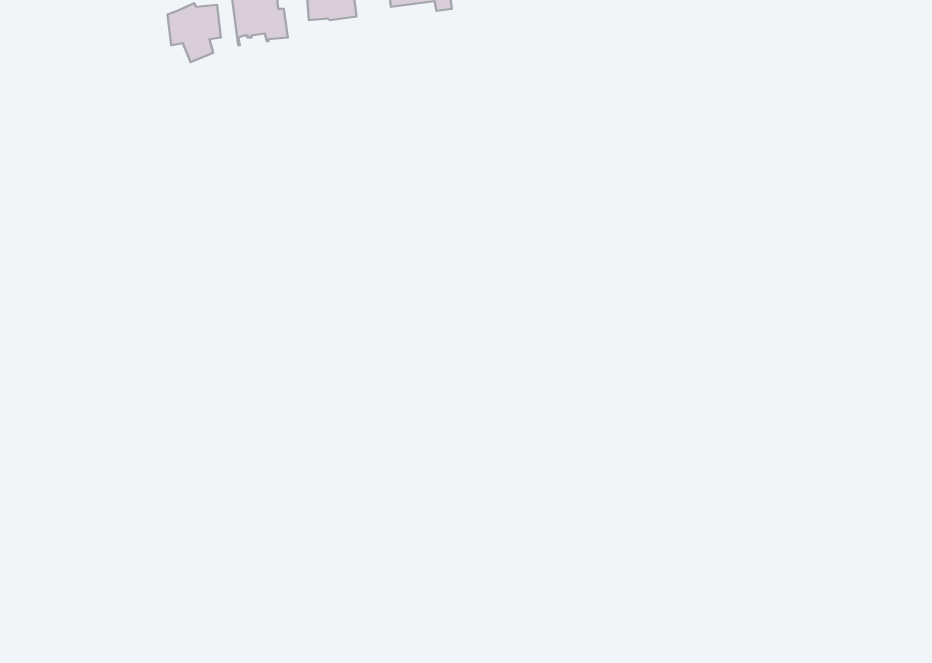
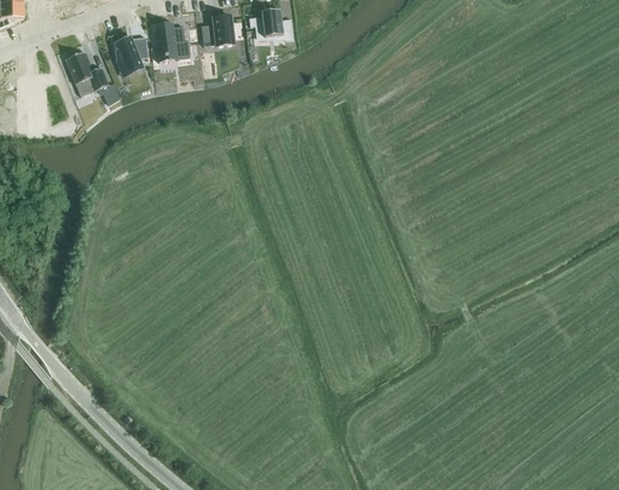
building: none -> [65,51,109,96]

